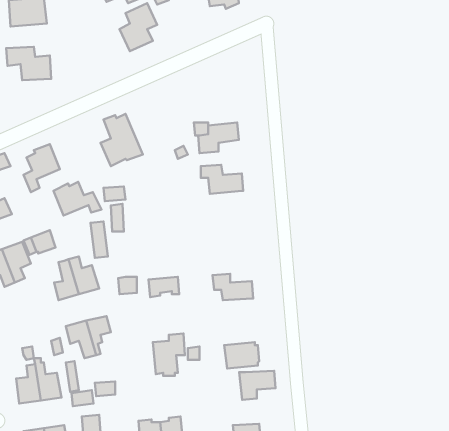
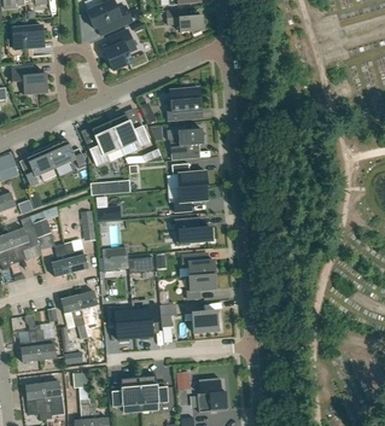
building: none -> [168,88,202,121]
building: none -> [110,112,150,156]
building: [53,182,101,215] -> [47,140,87,168]
building: none -> [174,186,208,212]
building: none -> [176,218,214,244]
building: none -> [109,308,135,342]
building: [239,371,276,400] -> [186,275,216,299]

